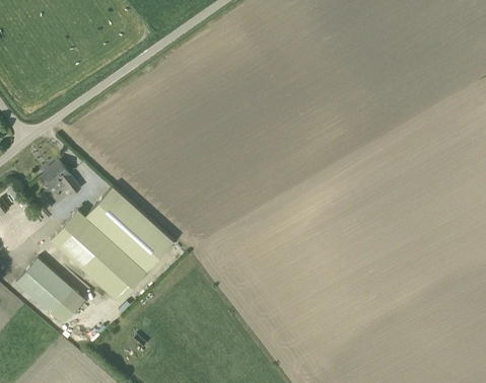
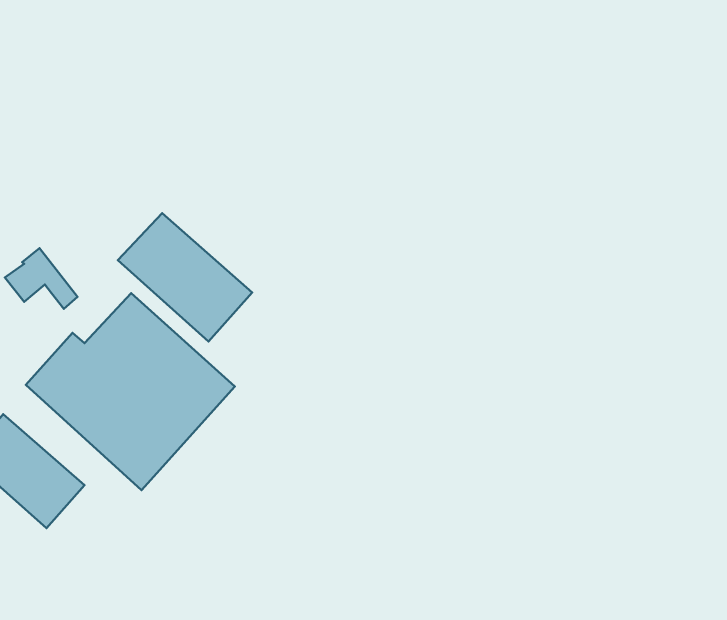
building: none -> [118,213,252,342]

